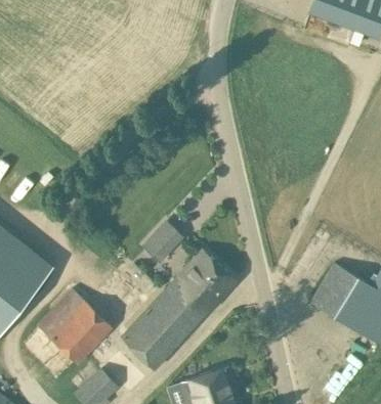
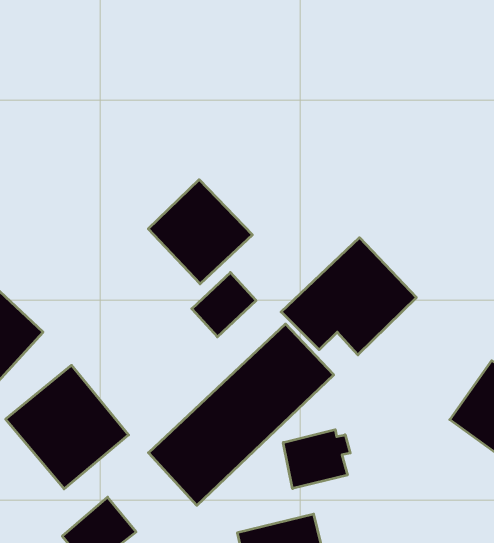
building: none -> [148,180,252,284]
building: none -> [281,238,416,355]
building: none -> [283,430,350,489]

